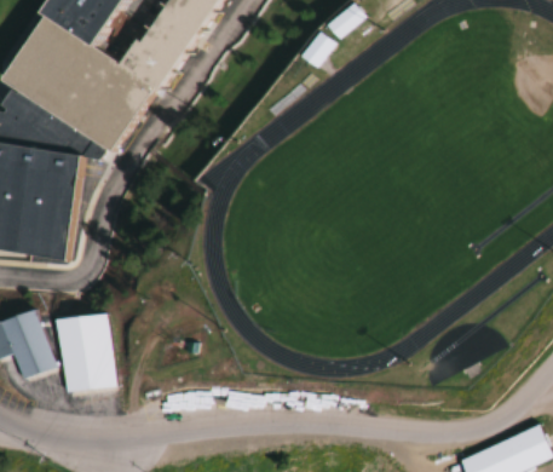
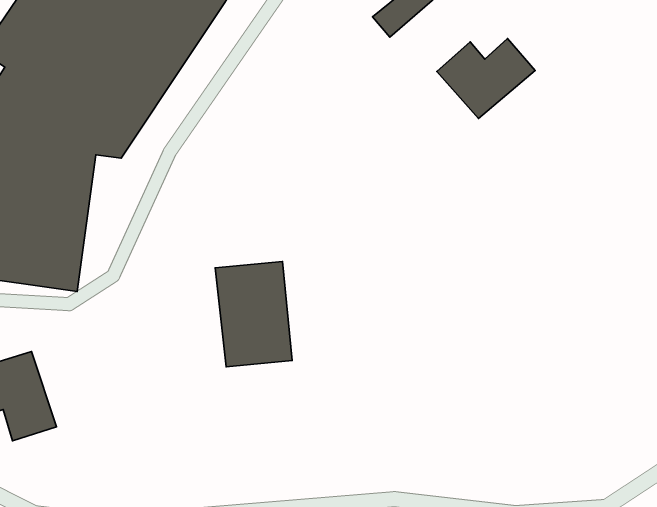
building: none -> [437,39,535,119]
building: [58,312,117,393] -> [215,262,292,367]

